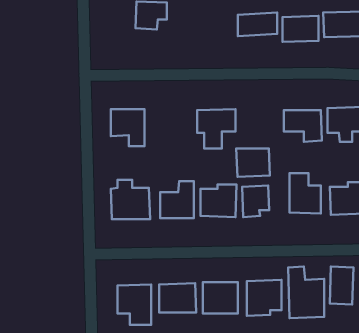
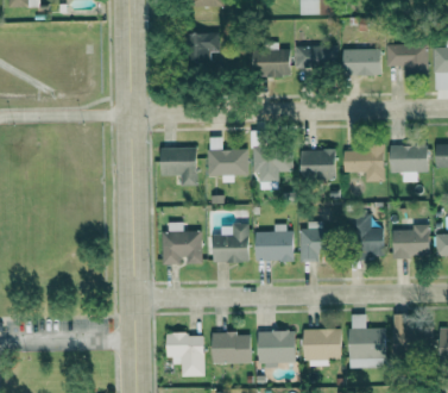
building: none -> [251,50,290,77]
building: none -> [207,137,247,183]
building: [236,149,270,177] -> [299,150,335,180]

